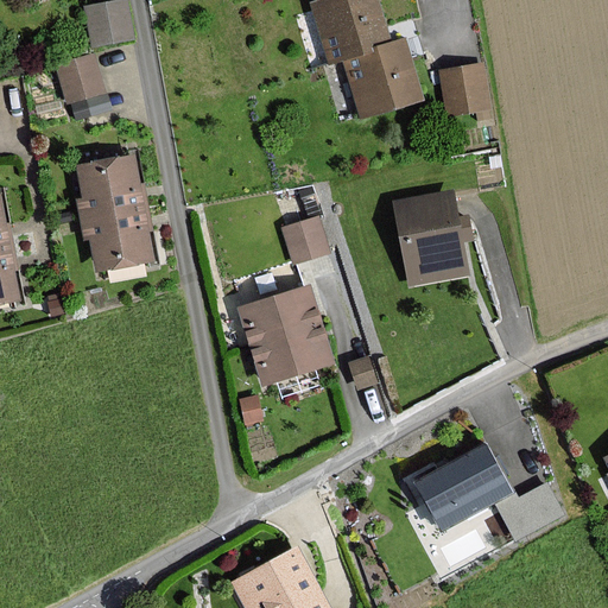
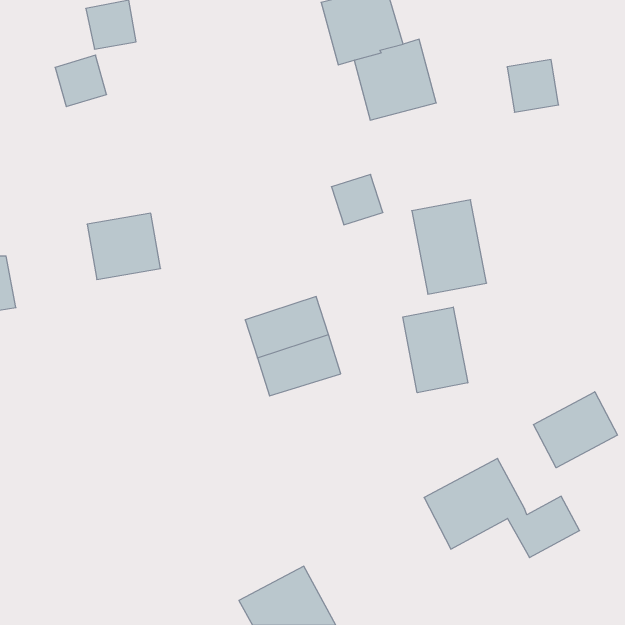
building: [439,63,489,114] -> [507,60,559,112]
building: [76,154,146,217] -> none
building: [281,215,331,264] -> [331,174,383,225]
building: none -> [403,307,468,393]
building: none -> [533,392,617,468]

